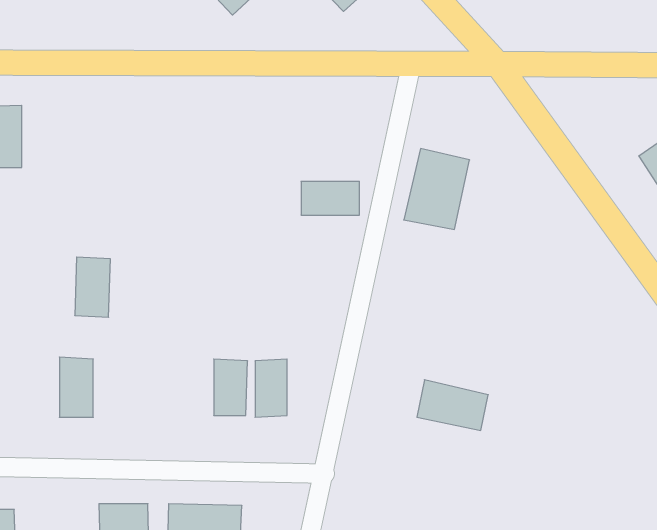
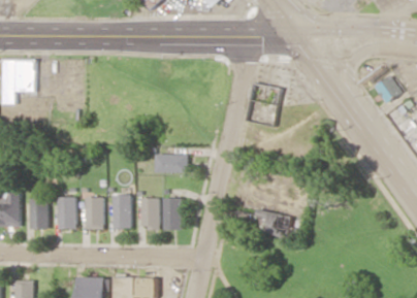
building: [301,181,359,215] -> [154,155,186,173]
building: [75,257,110,317] -> [83,197,102,230]
building: none -> [111,195,130,229]
building: none -> [27,197,45,230]

